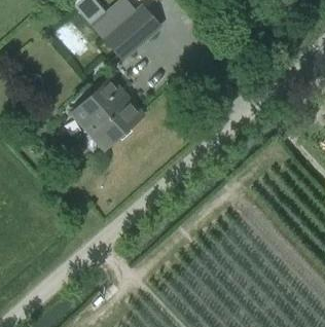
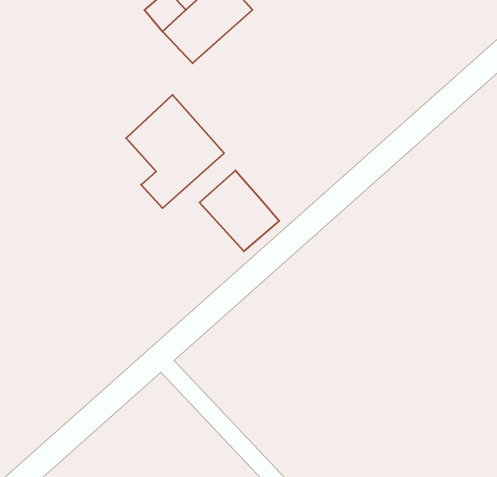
building: none -> [200,170,279,251]

